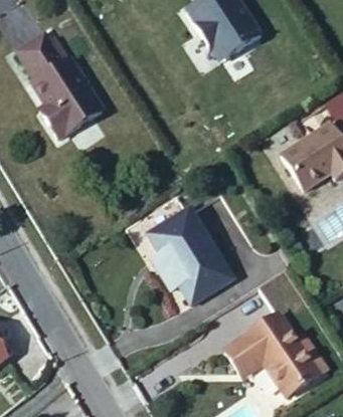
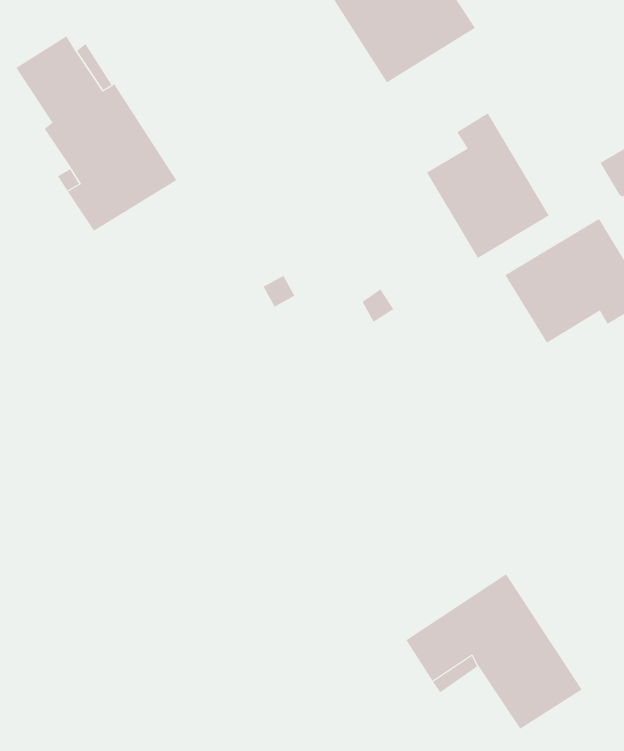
building: none -> [426,113,550,259]
building: [151,205,234,300] -> none

